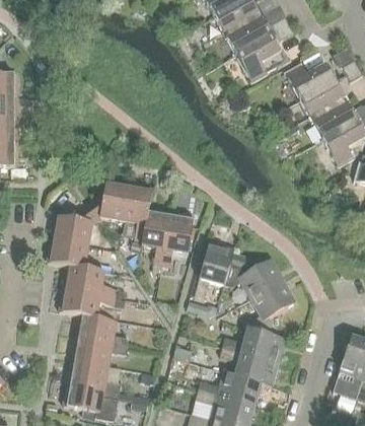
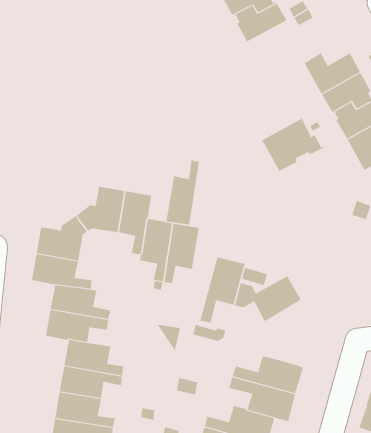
building: [235,34,291,81] -> [262,118,325,171]
building: none -> [166,159,199,225]
building: [248,279,295,333] -> none

